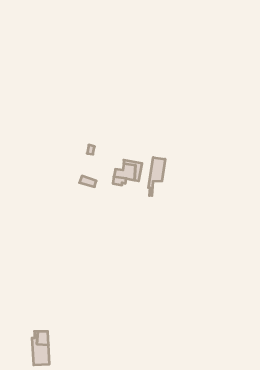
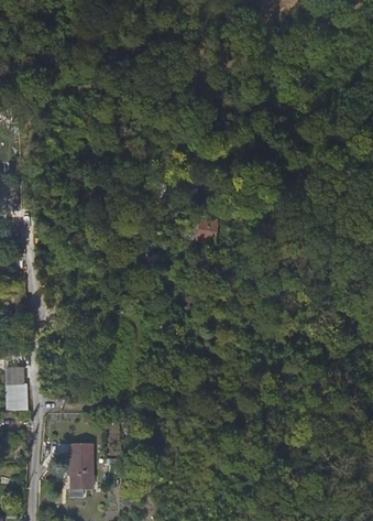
building: [148,157,165,196] -> none

